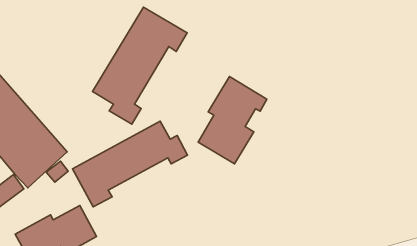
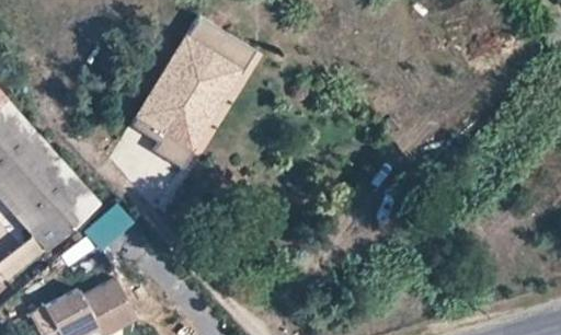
building: [198,77,267,164] -> none
building: [73,121,188,207] -> none

